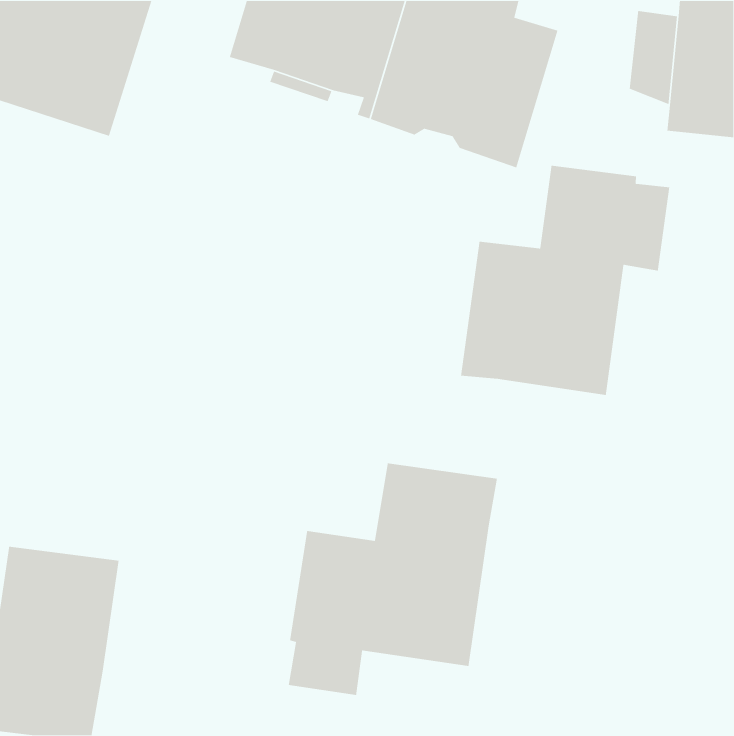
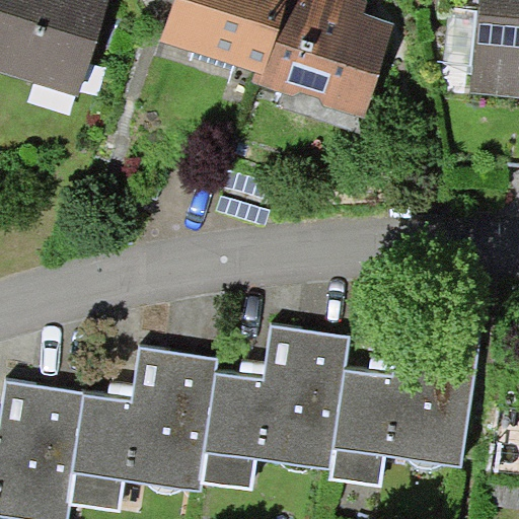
building: [460,165,670,396] -> none
building: none -> [329,327,479,487]
building: none -> [69,349,218,512]

